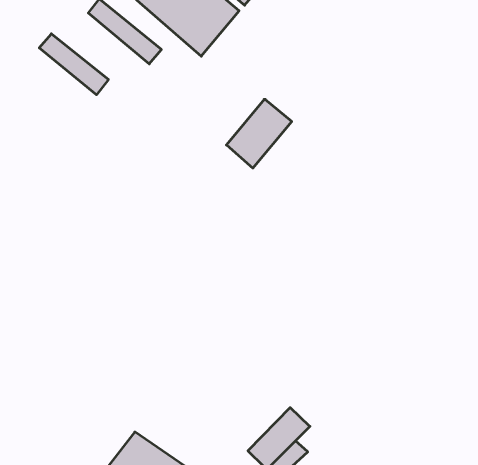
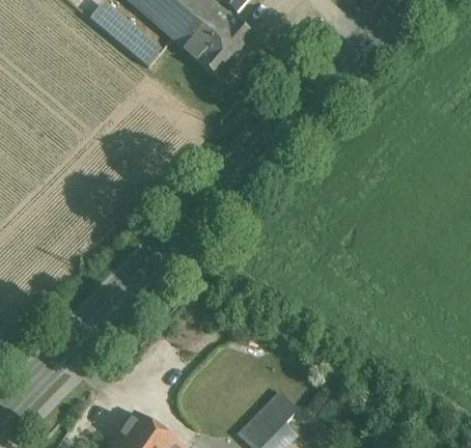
building: [39,34,108,95] -> none
building: [226,99,292,168] -> [197,16,258,80]

